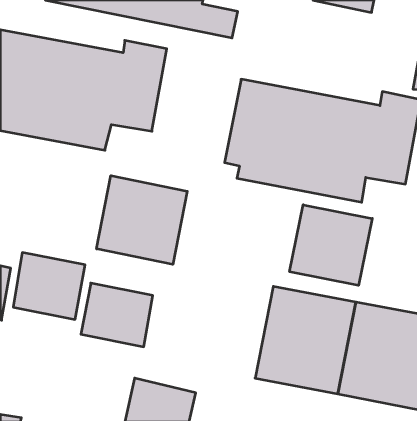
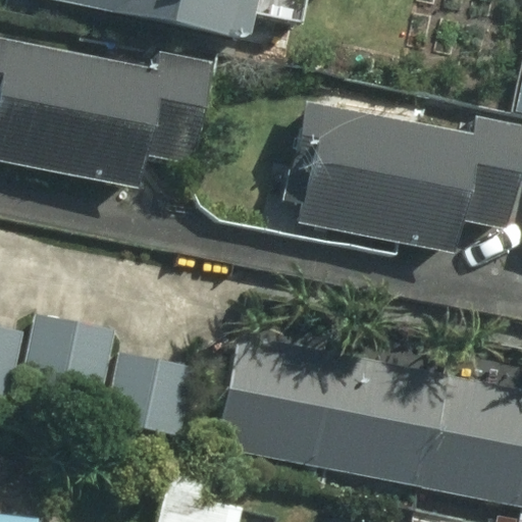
building: [97,176,187,264] -> none
building: [290,205,372,285] -> none
building: none -> [218,334,344,468]

